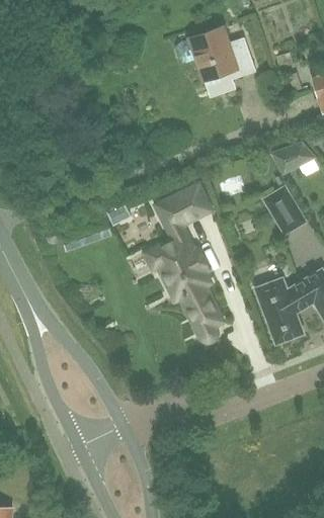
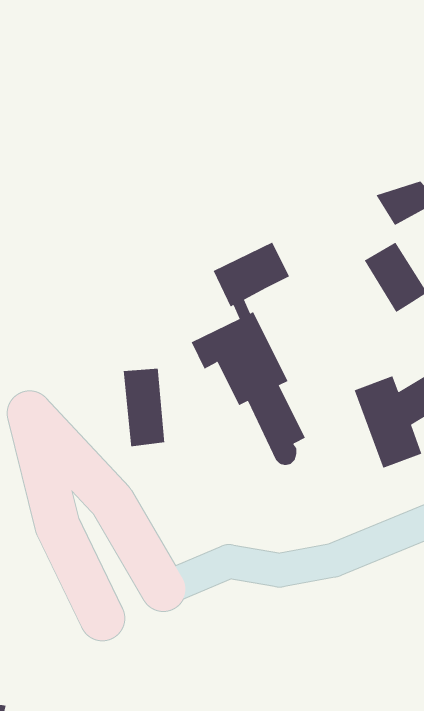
building: [176,28,255,80] -> none
building: none -> [123,368,165,447]

